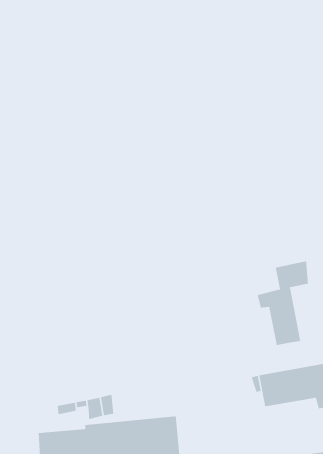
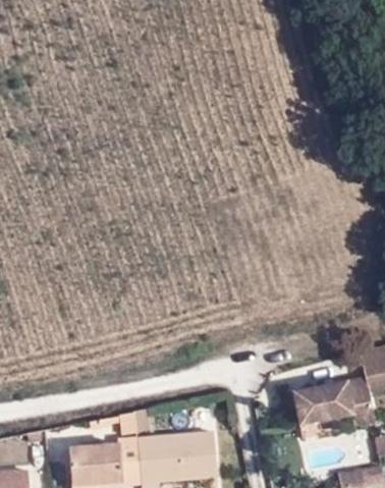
building: [257,261,308,346] -> none

